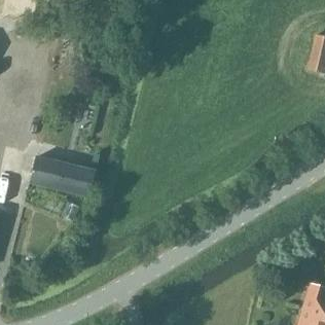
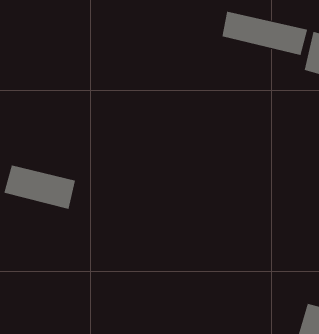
building: none -> [222,11,308,56]

